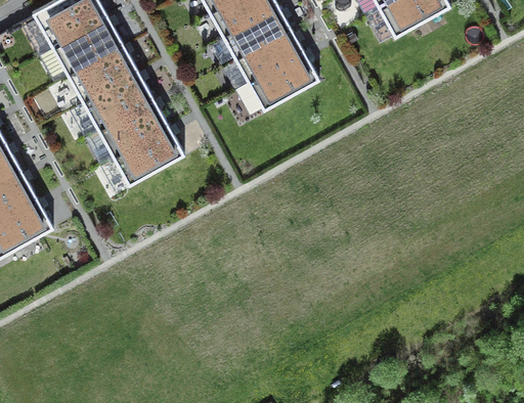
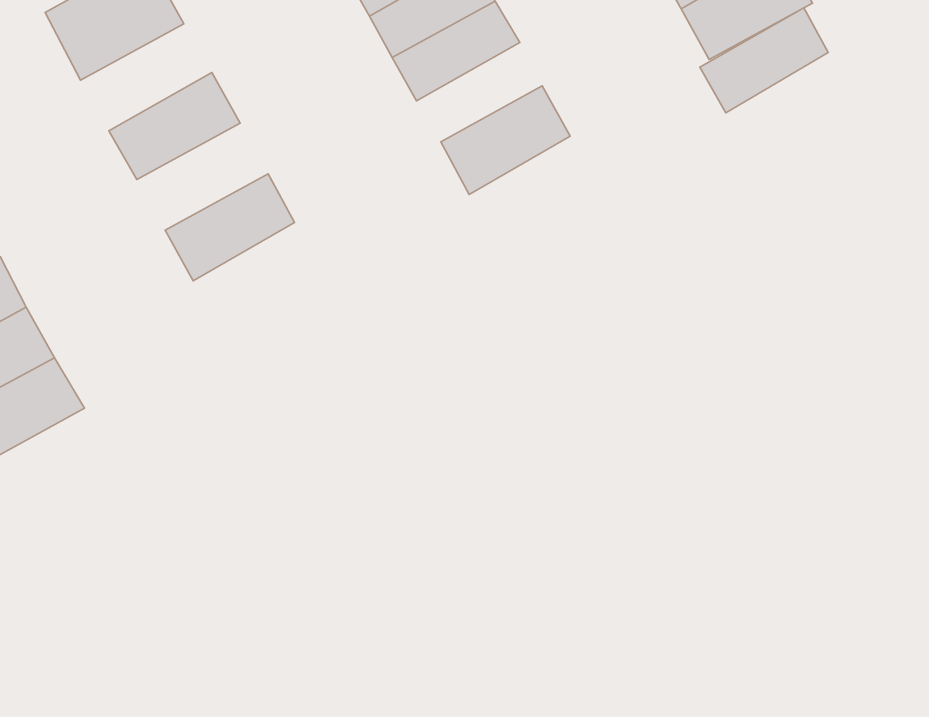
building: none -> [700,8,828,113]
building: [49,16,121,75] -> none
building: [232,27,301,81] -> none
building: [80,71,151,129] -> none
building: [111,125,182,184] -> none

